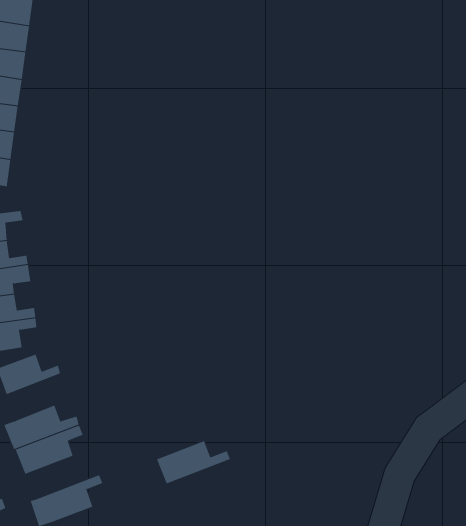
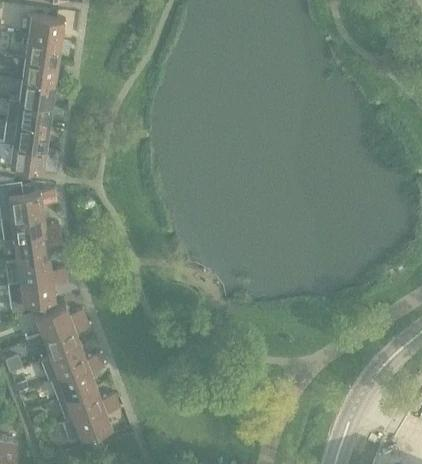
building: none -> [40,321,87,359]
building: [156,441,231,484] -> [55,387,115,422]

